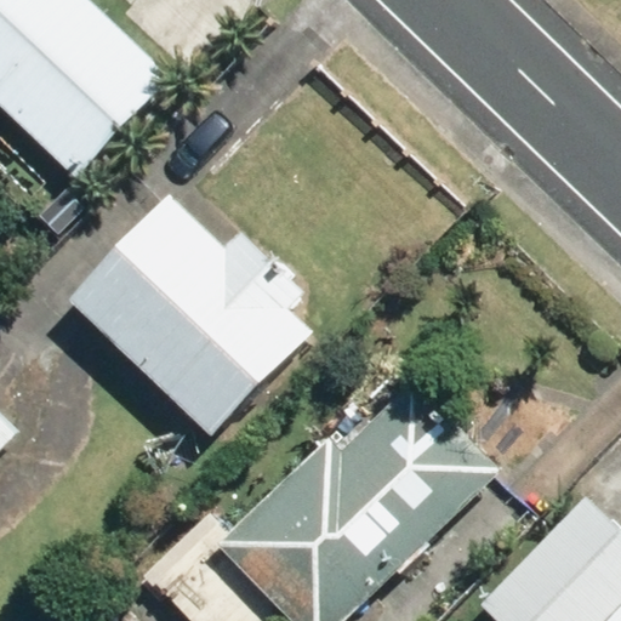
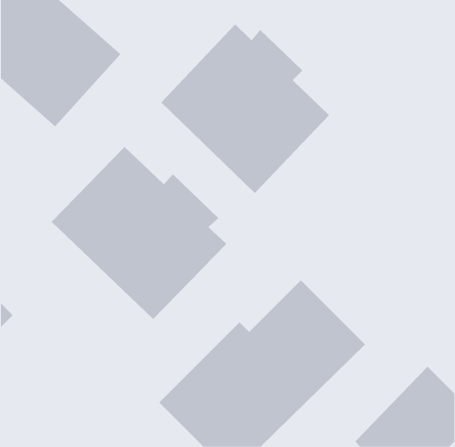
building: none -> [160,24,330,194]

